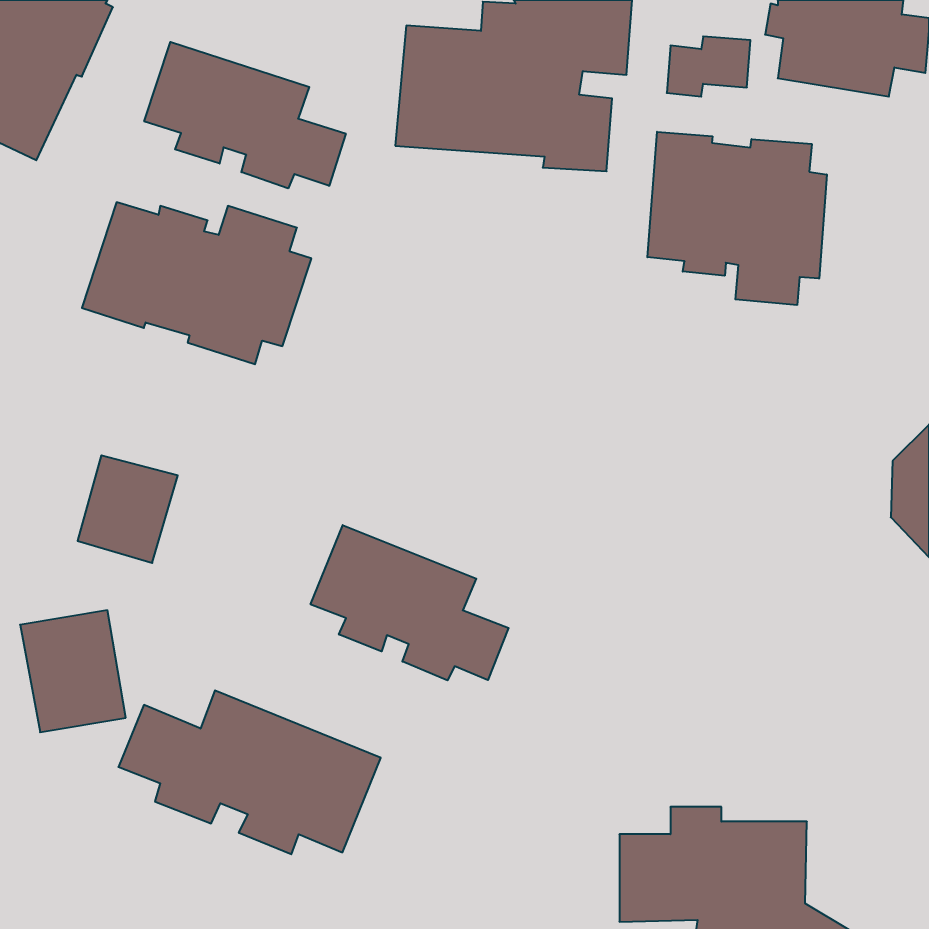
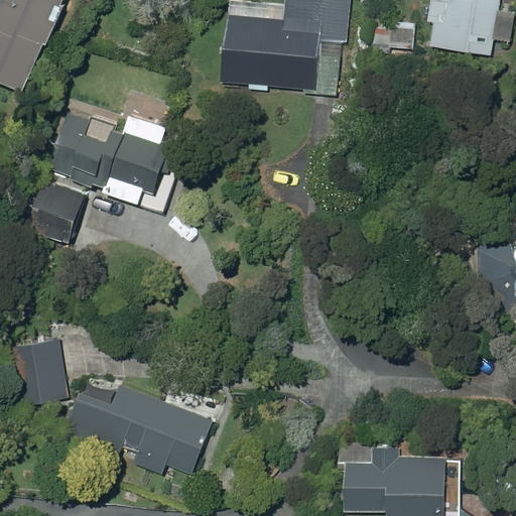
building: [144,42,346,188] -> none
building: [647,132,827,305] -> none
building: [78,455,178,563] -> [30,182,86,242]
building: [311,525,509,680] -> none

